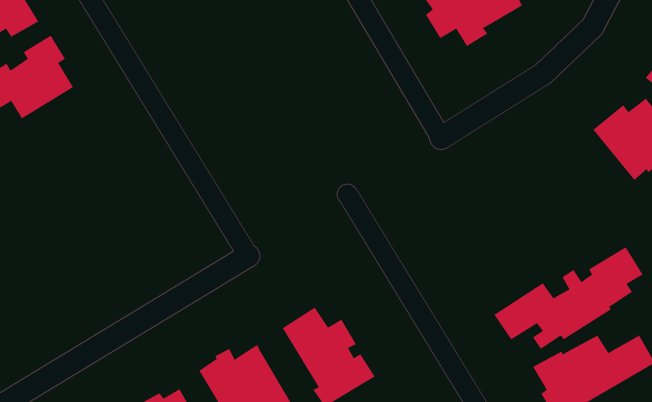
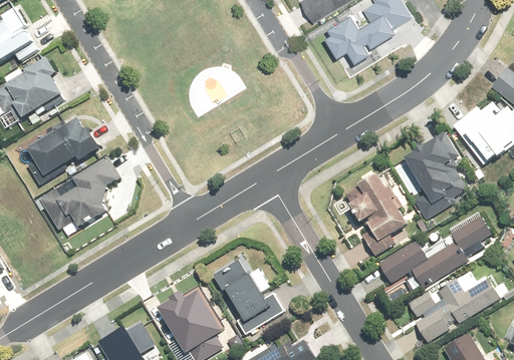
building: none -> [32,119,109,176]
building: none -> [402,132,465,221]
building: none -> [42,159,126,233]
building: none -> [343,174,405,258]

